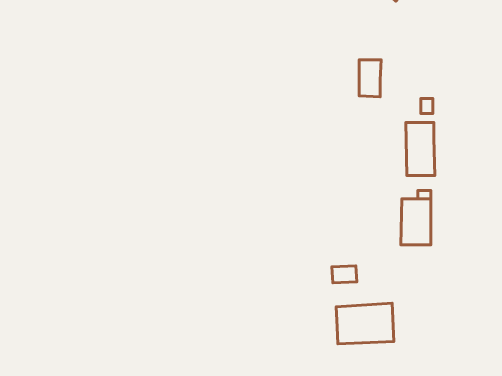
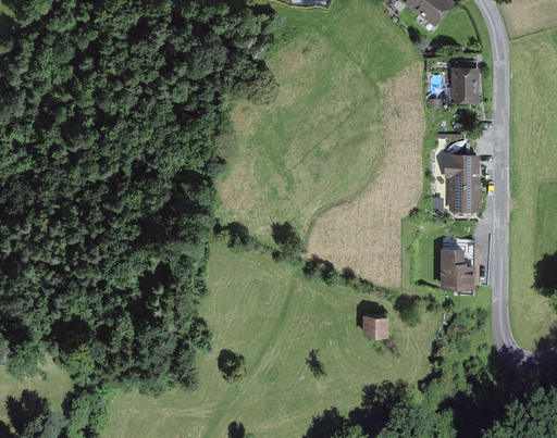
building: [359,60,381,97] -> [454,65,478,105]
building: [336,303,394,344] -> none

